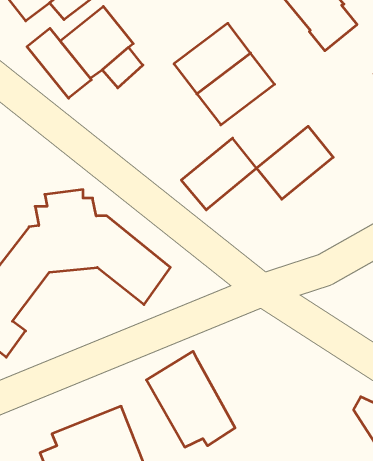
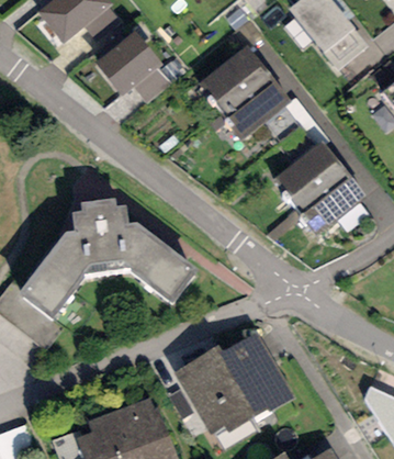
building: [27,28,91,98] -> none
building: [181,138,257,210] -> [297,168,367,234]
building: none -> [219,331,294,416]

